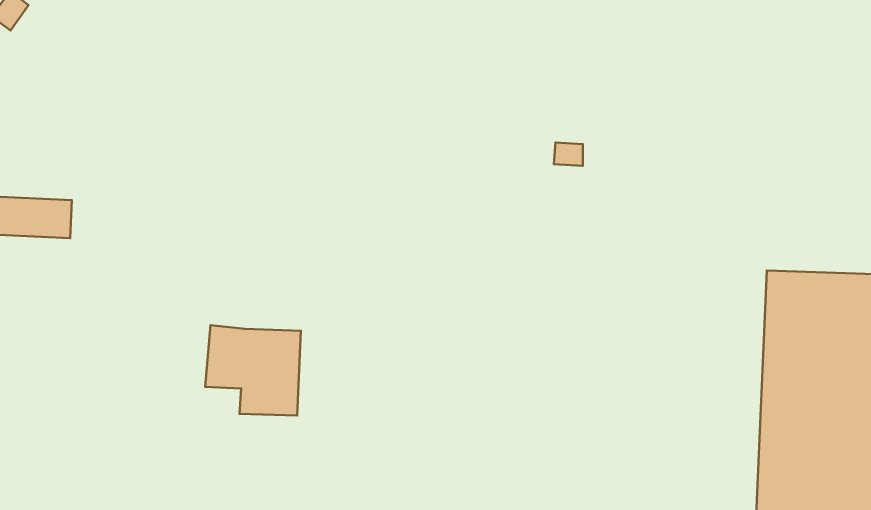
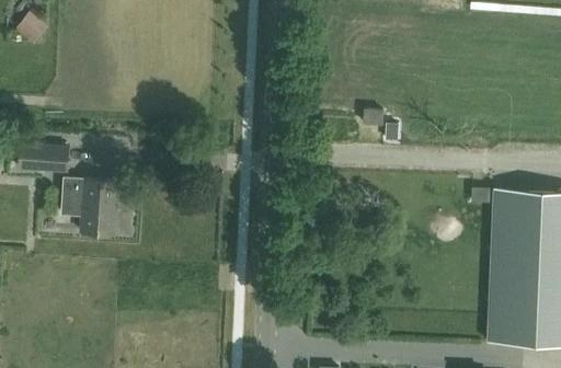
building: [205,325,301,416] -> [60,177,118,232]

